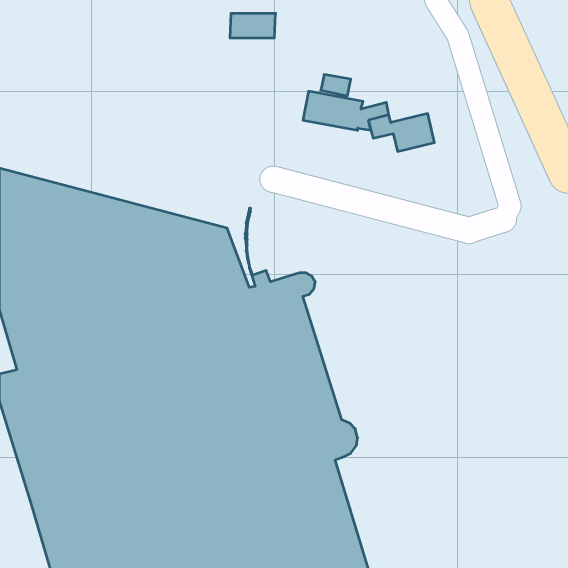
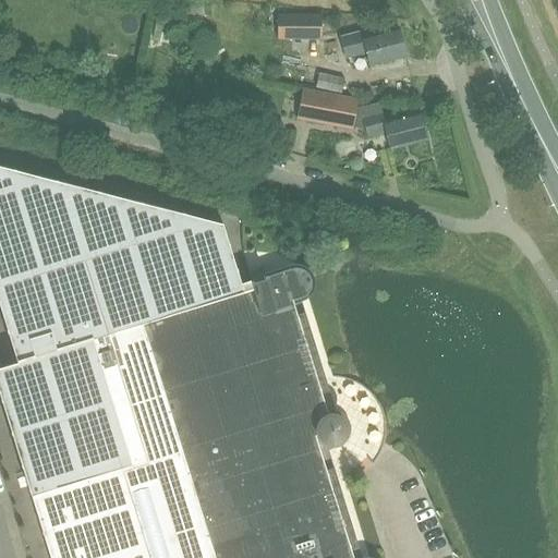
building: [230,13,276,38] -> [276,15,320,39]
building: none -> [338,28,404,66]

